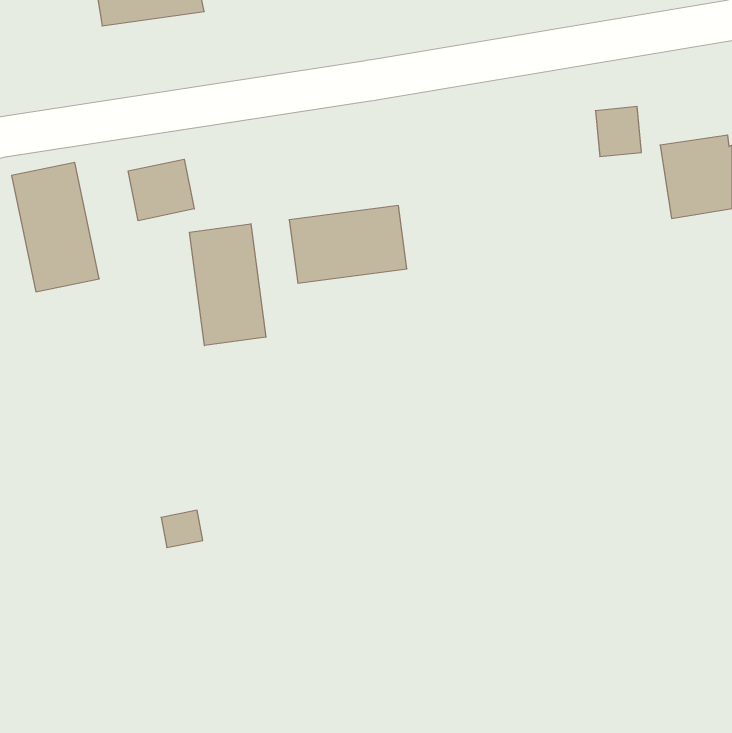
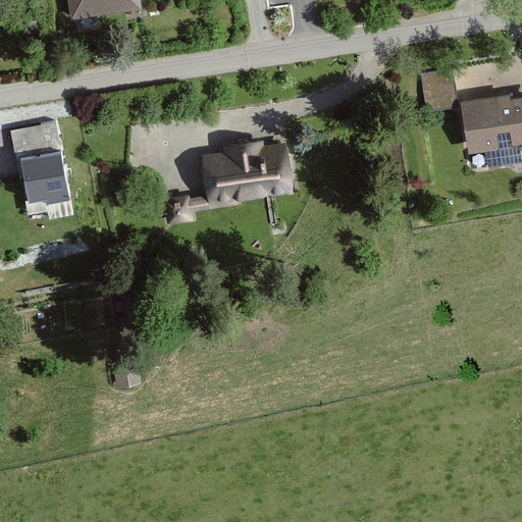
building: [128,159,194,221] -> none
building: [190,224,266,346] -> none

